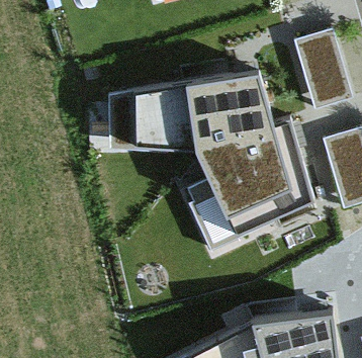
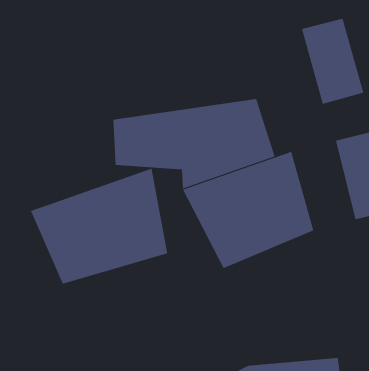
building: none -> [30,168,168,284]

